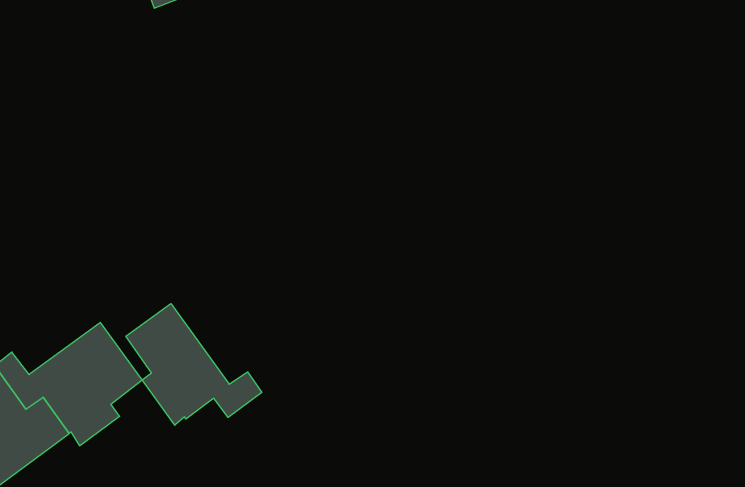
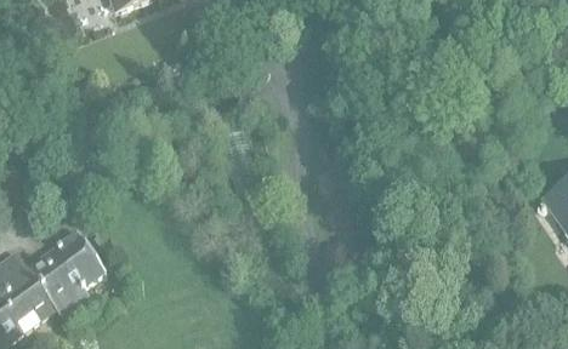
building: [126,304,262,425] -> none

